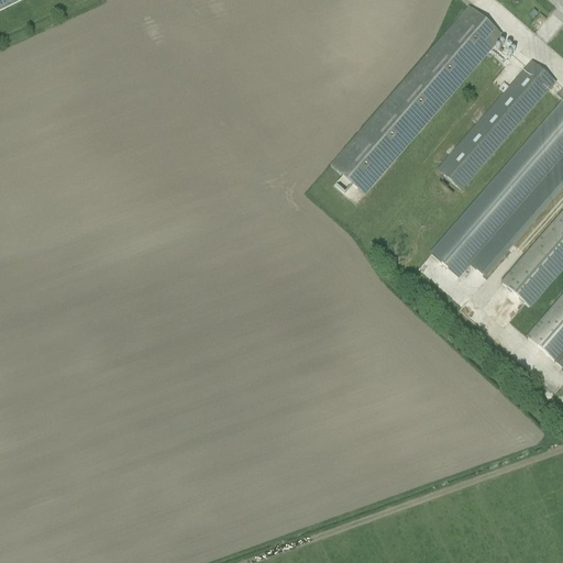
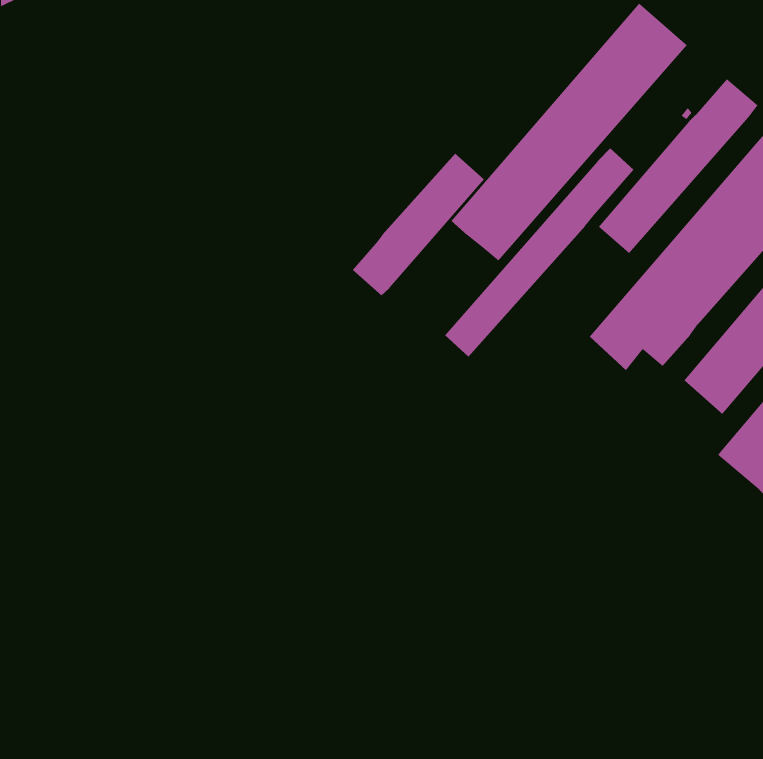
building: none -> [444,148,635,357]
building: none -> [352,153,485,296]

